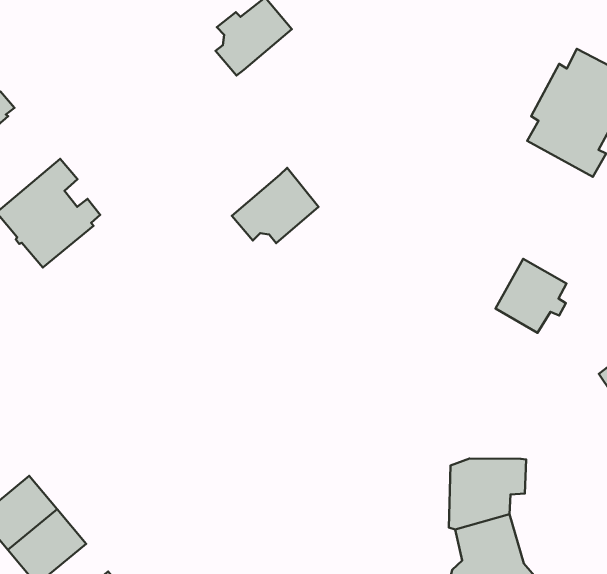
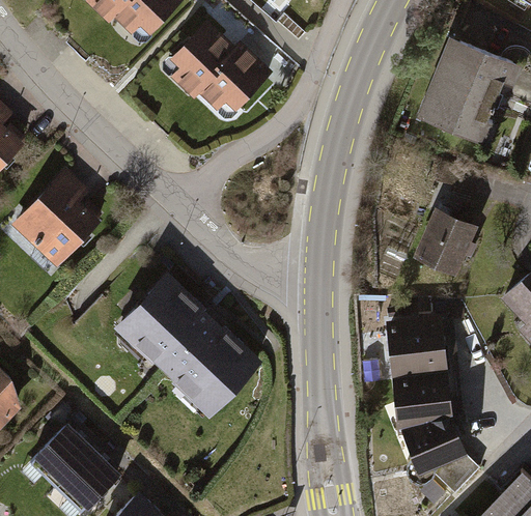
building: [232,168,318,243] -> [198,47,266,107]
building: none -> [119,279,254,410]
building: none -> [390,321,450,382]

